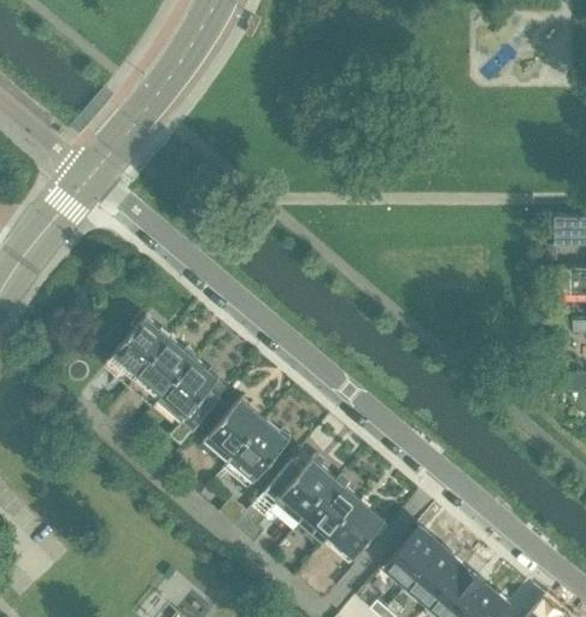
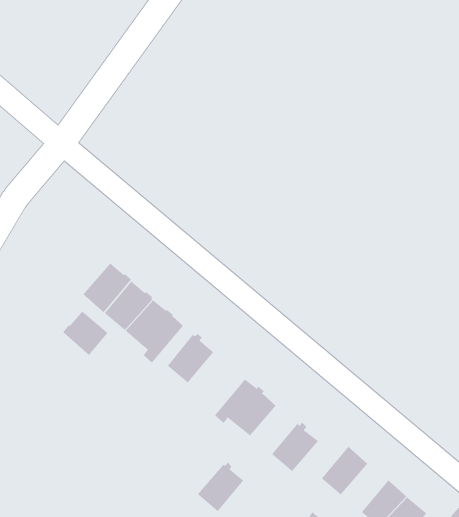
building: none -> [62,311,108,356]
building: [234,423,289,480] -> none
building: [305,482,359,540] -> [197,462,244,512]
building: [409,551,463,606] -> none

